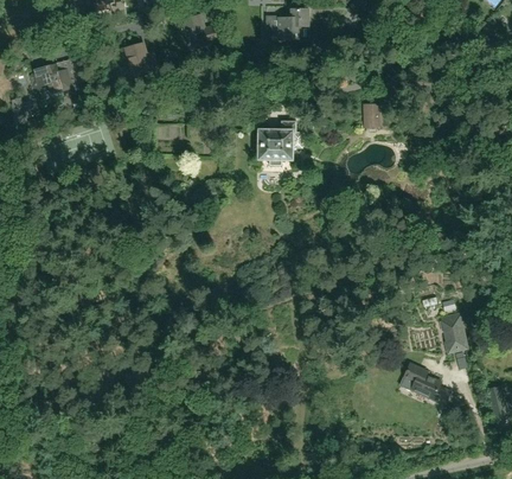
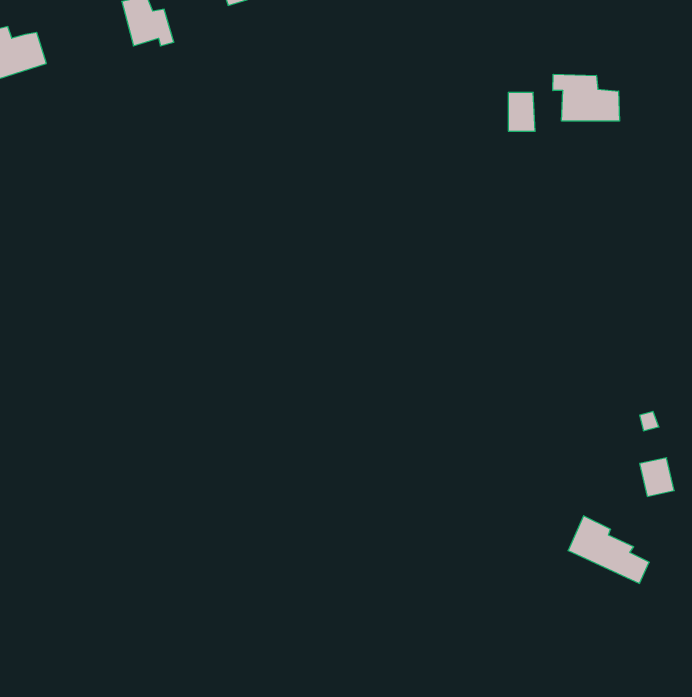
building: none -> [553,74,619,121]
building: [257,120,301,157] -> none

